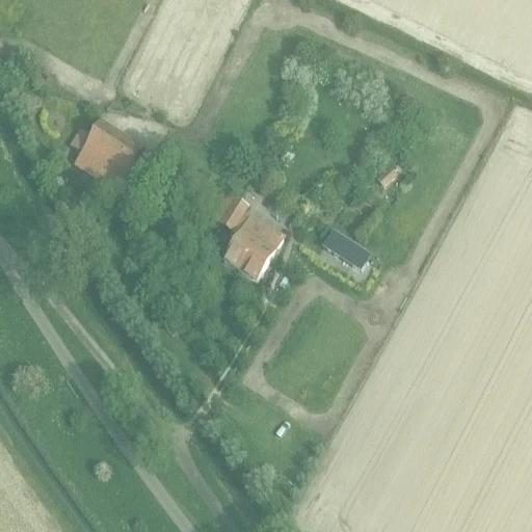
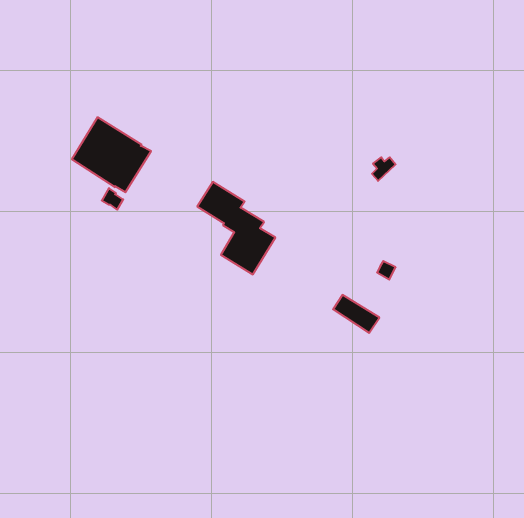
building: [322,230,369,268] -> [333,295,379,333]

